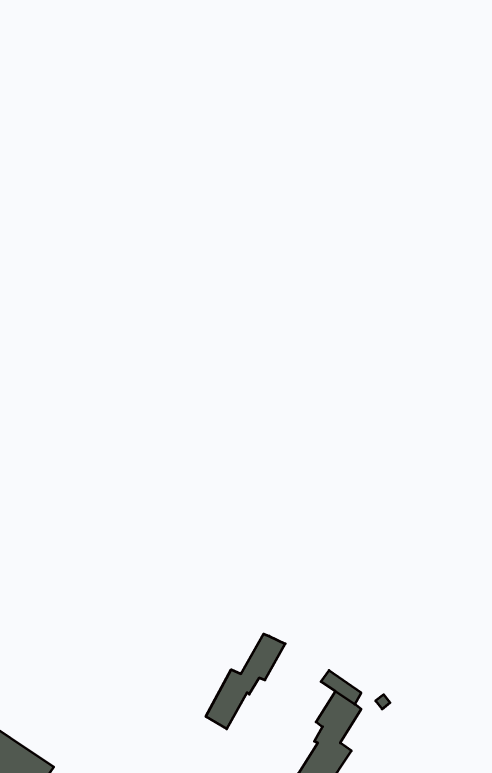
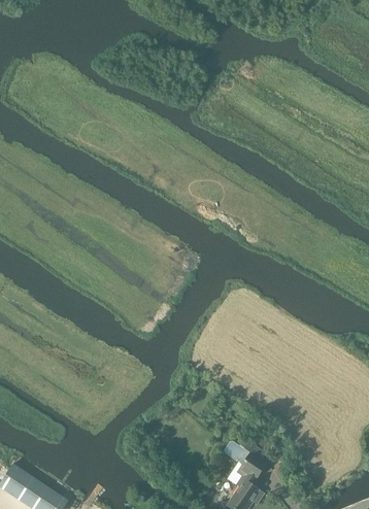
building: [206,634,285,729] -> none

